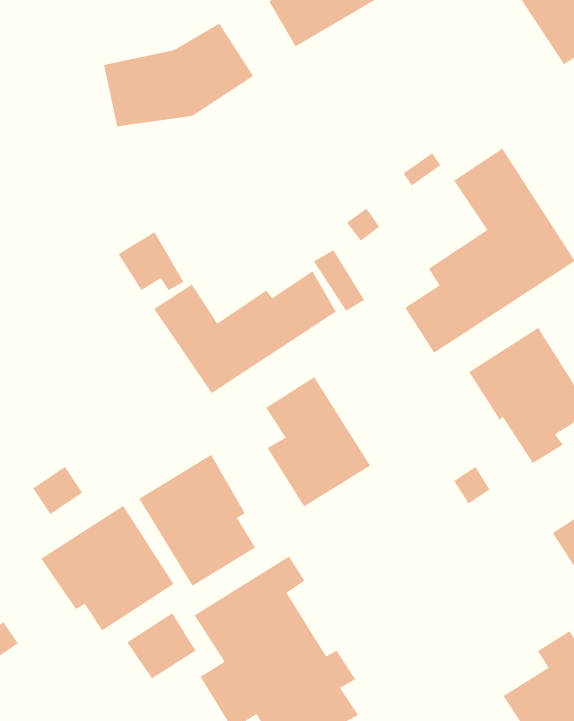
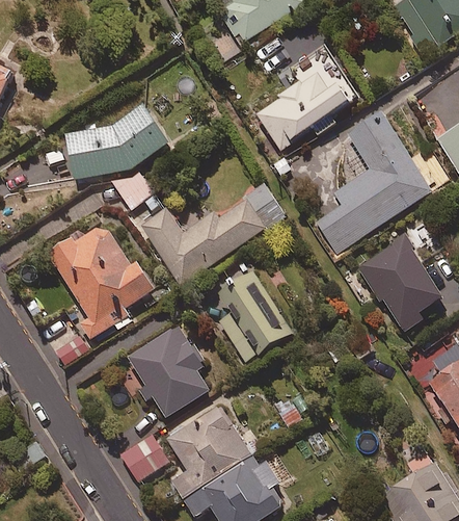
building: [103,23,254,127] -> [65,103,170,176]
building: none -> [256,70,354,151]
building: none -> [51,224,155,338]
building: [40,505,175,631] -> none

